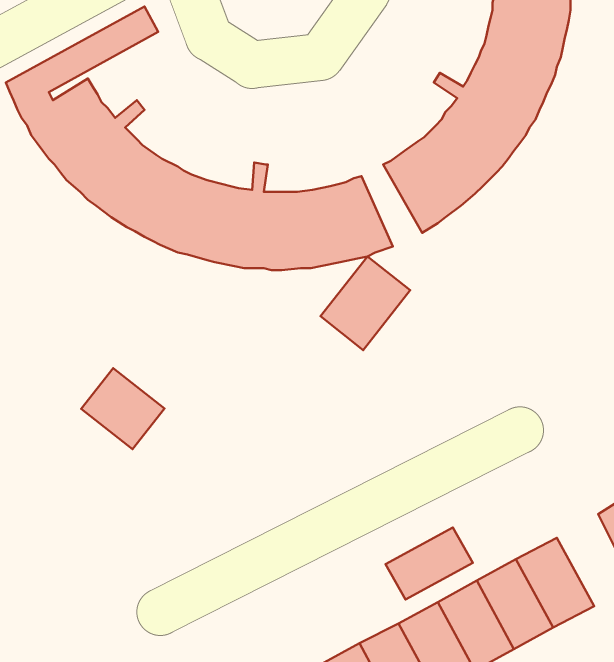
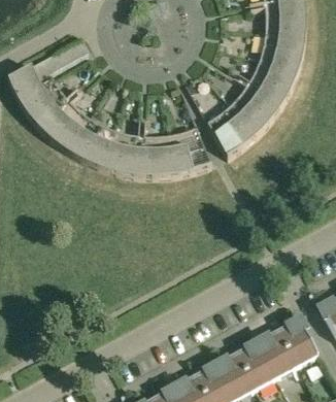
building: [320,256,410,350] -> none
building: [81,368,165,449] -> none
building: [385,528,473,599] -> none

